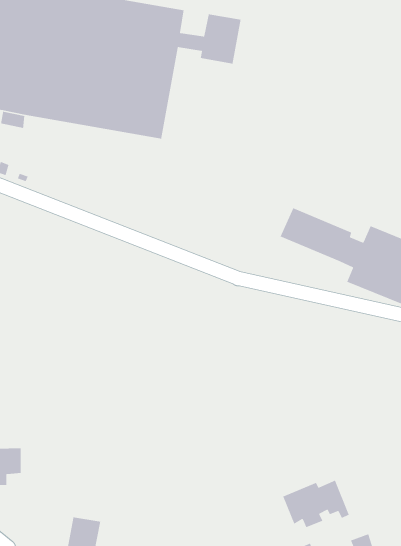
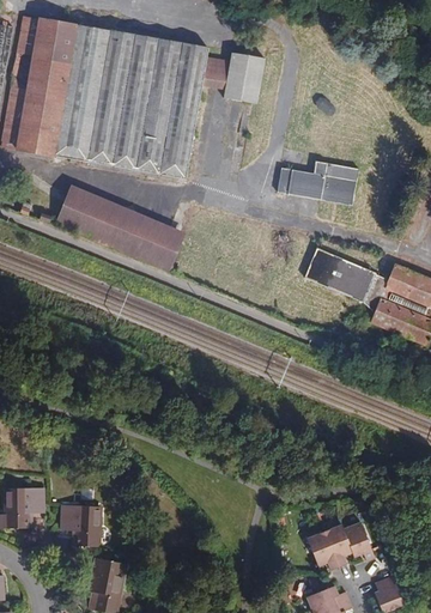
building: none -> [278,160,359,205]
building: none -> [56,186,184,271]
building: none -> [61,505,101,546]

